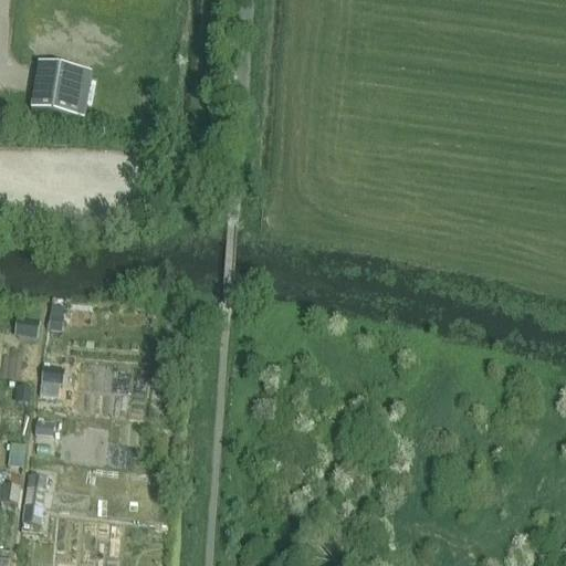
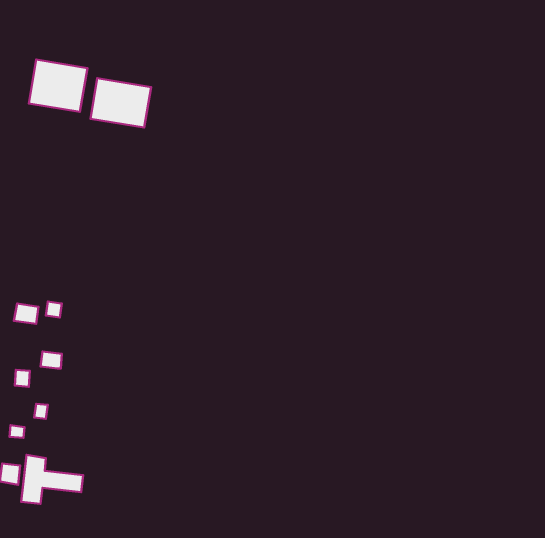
building: none -> [90,78,151,128]

